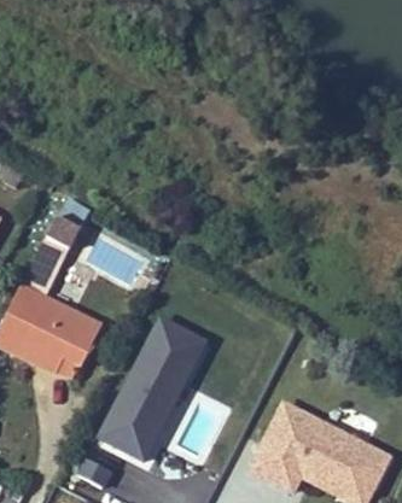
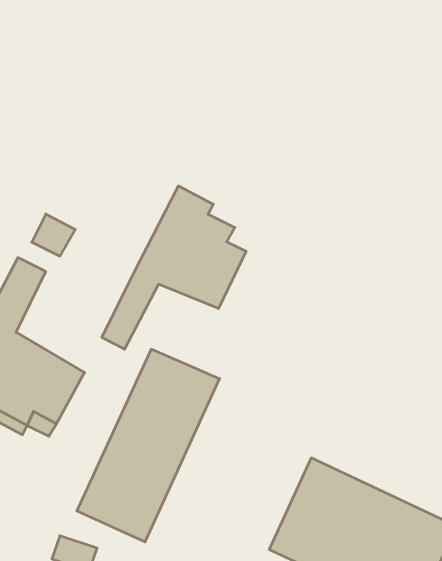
building: none -> [102,186,246,349]

